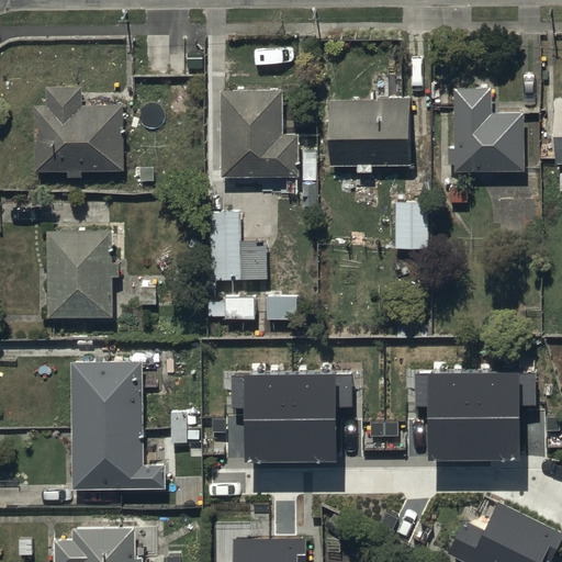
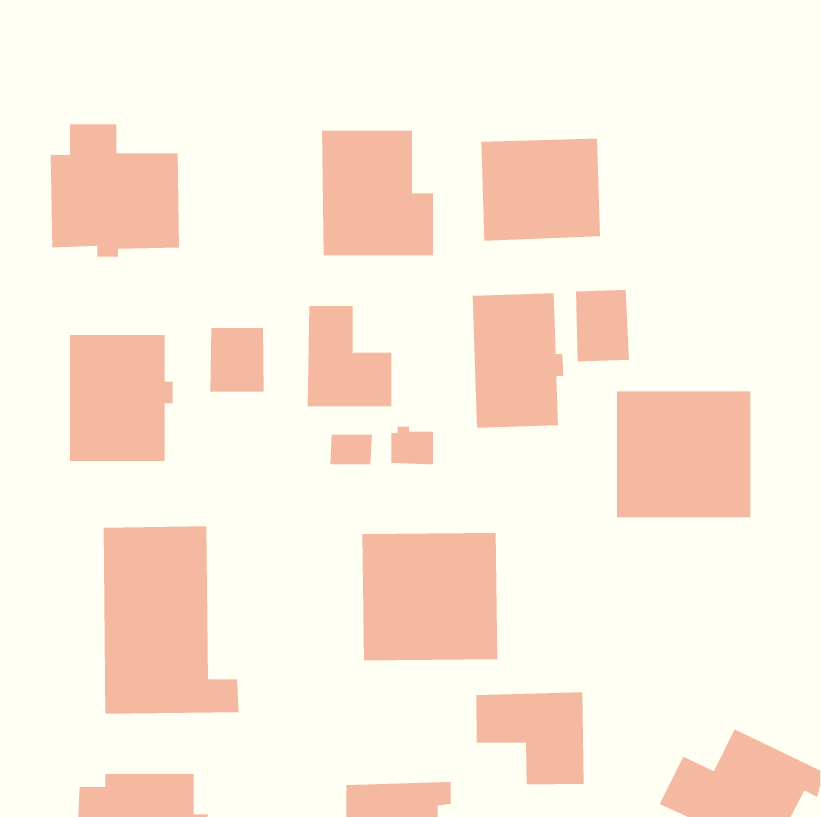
building: [451,89,521,172] -> none
building: none -> [472,293,564,429]
building: none -> [210,327,264,393]
building: [431,367,524,453] -> [616,391,751,518]
building: none -> [476,692,584,785]

